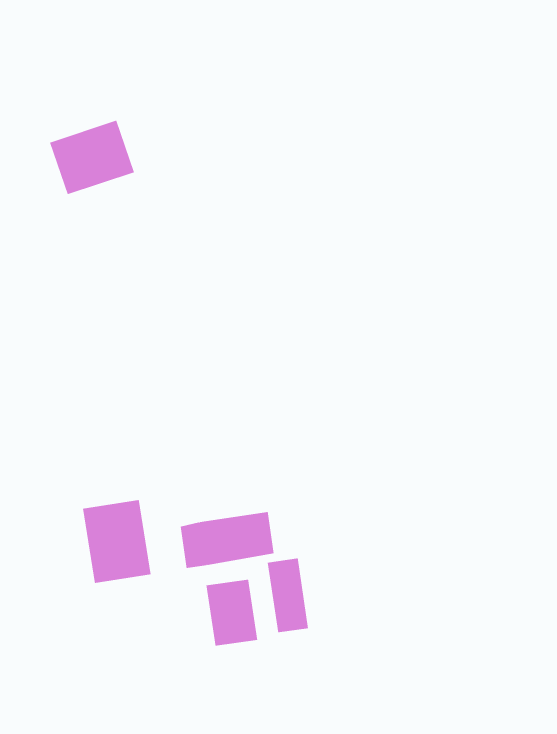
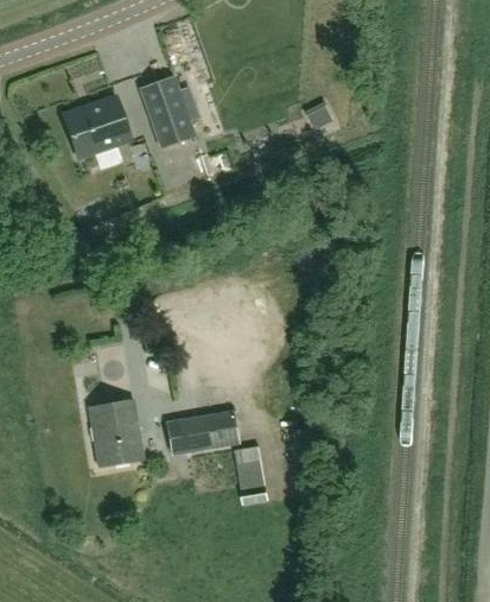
building: none -> [141,78,193,148]
building: [206,579,258,646] -> none

